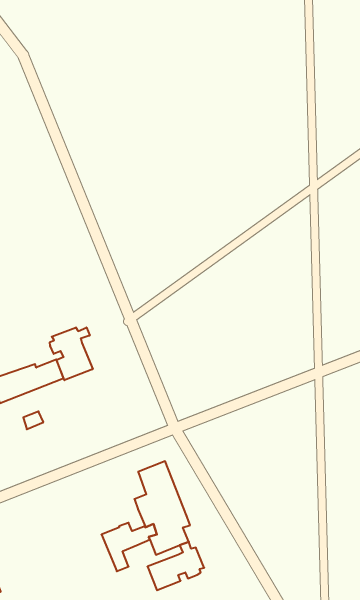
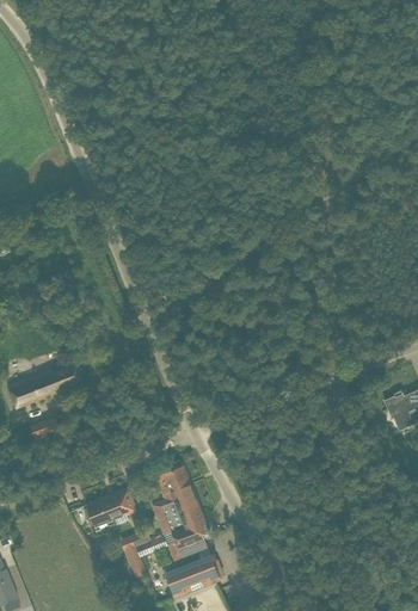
building: [50,327,93,380] -> none
building: none -> [88,489,136,527]

